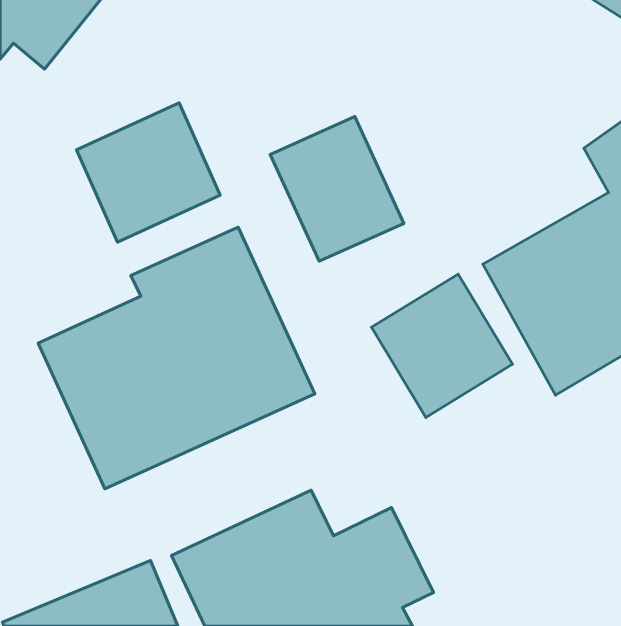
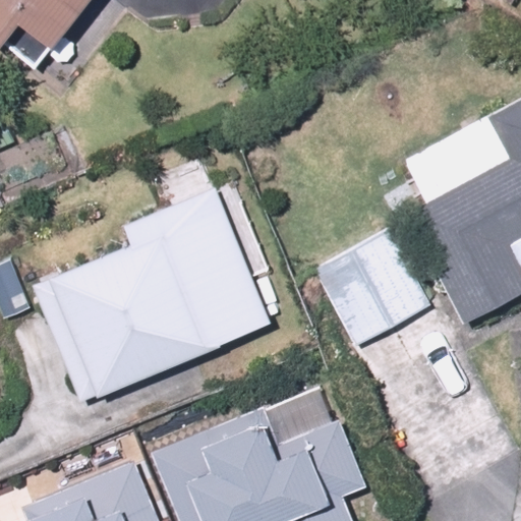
building: [76,103,220,242] -> none
building: [270,117,404,261] -> none

